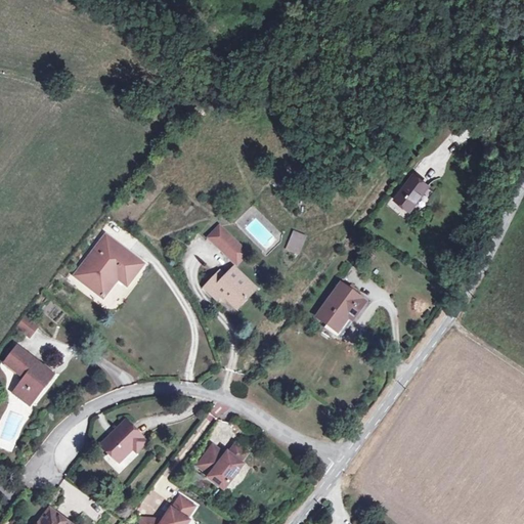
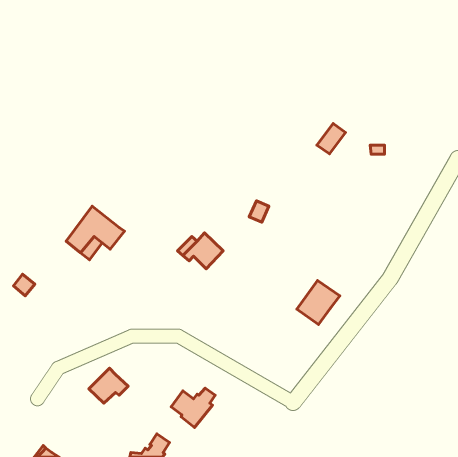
building: [395,174,428,209] -> [317,124,346,154]
building: [206,222,250,265] -> none
building: [316,283,365,334] -> [297,281,340,324]
building: [4,346,51,404] -> none

